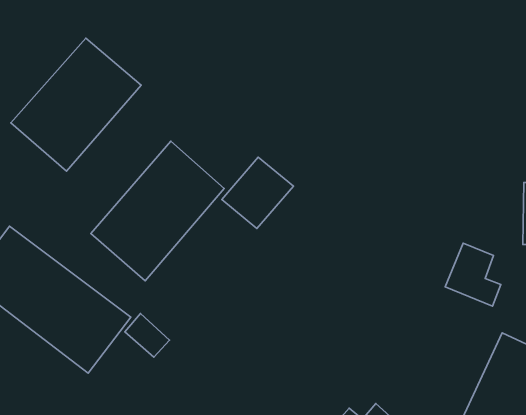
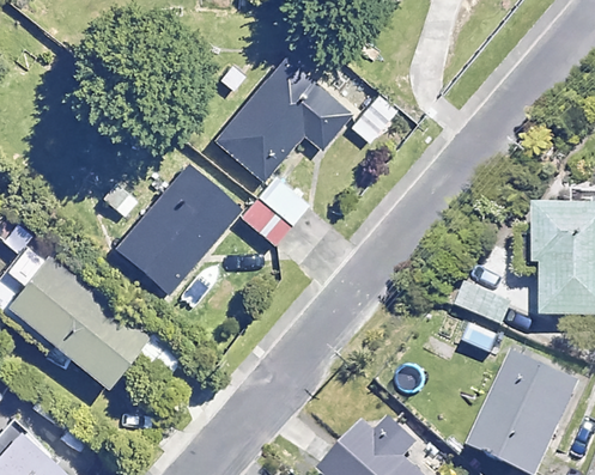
building: [11,38,141,171] -> none
building: none -> [217,59,348,169]

